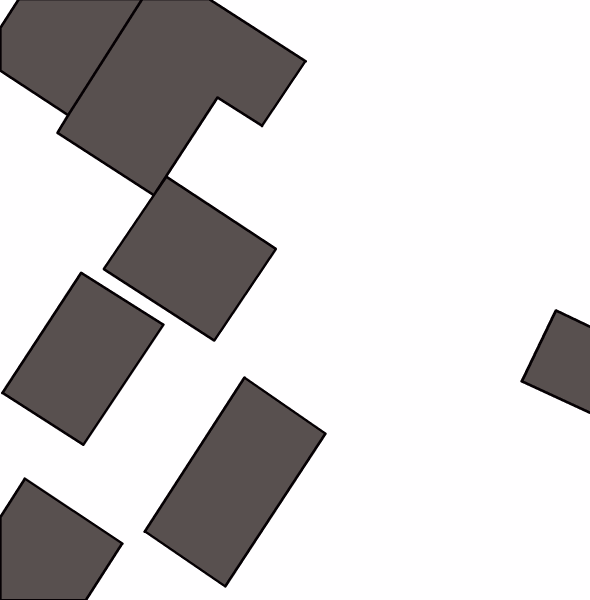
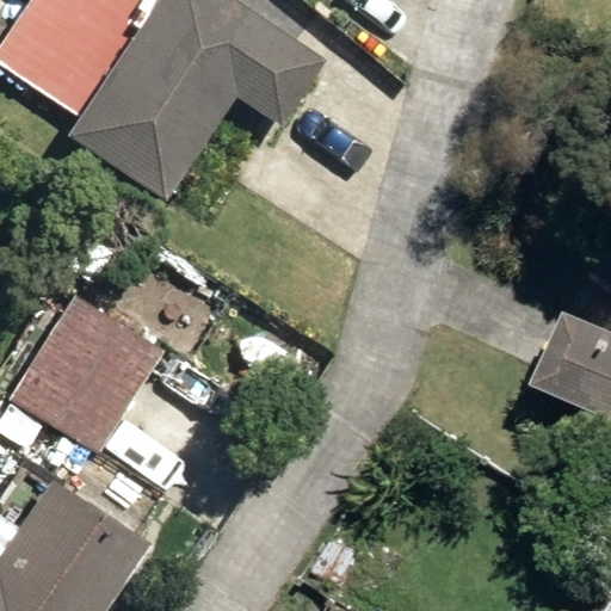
building: [104,177,276,340] -> none
building: [145,378,325,586] -> none

